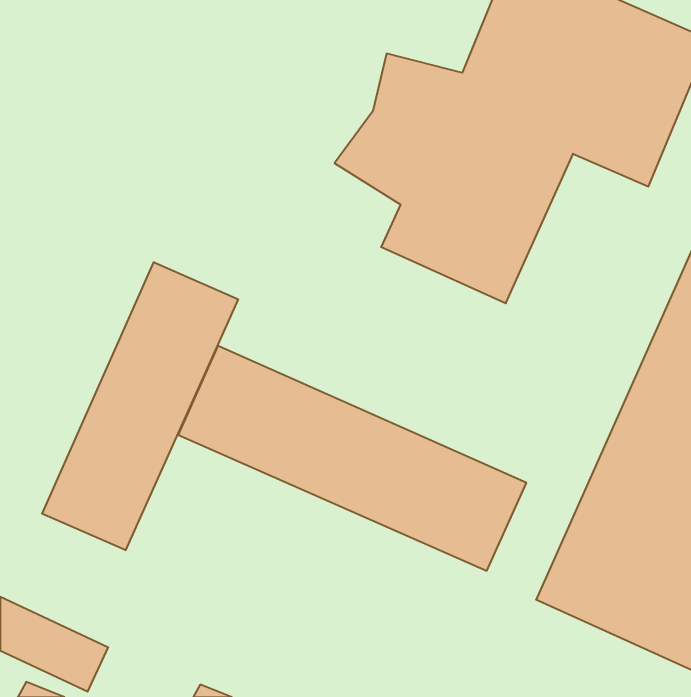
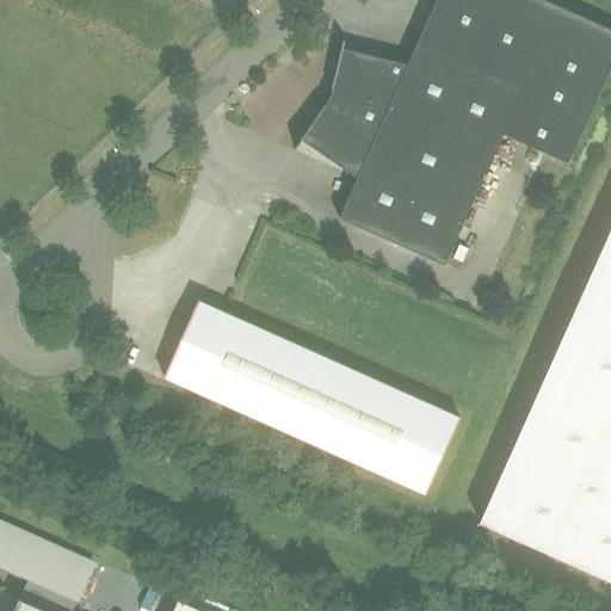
building: [42,262,238,550] -> none

